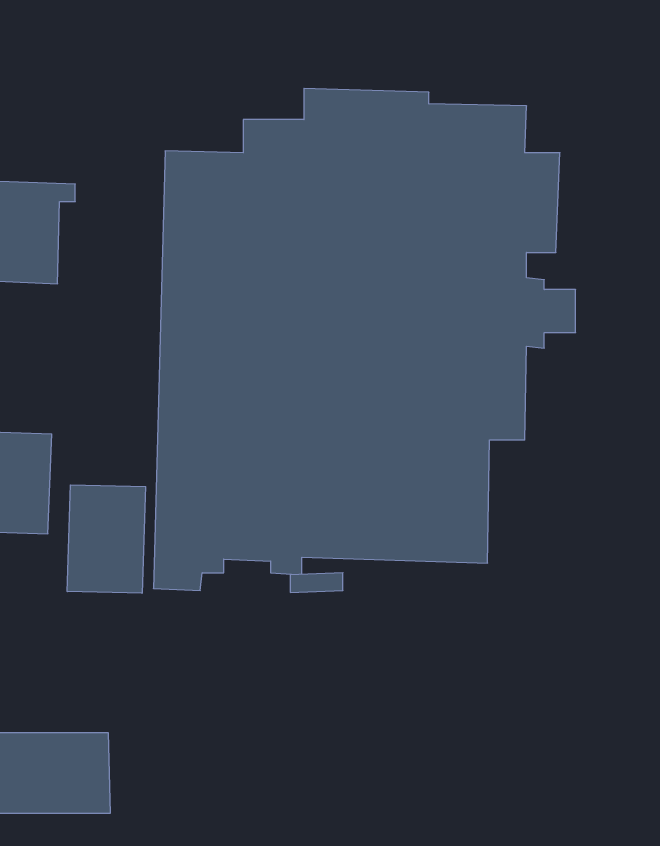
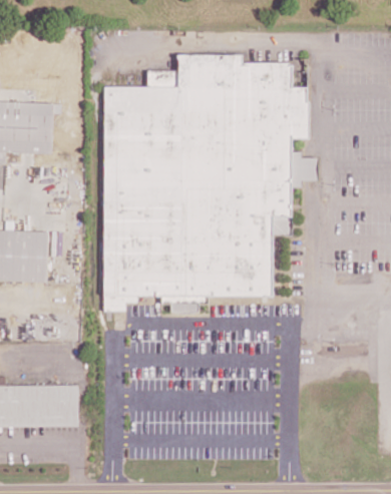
building: [67,485,146,593] -> none

